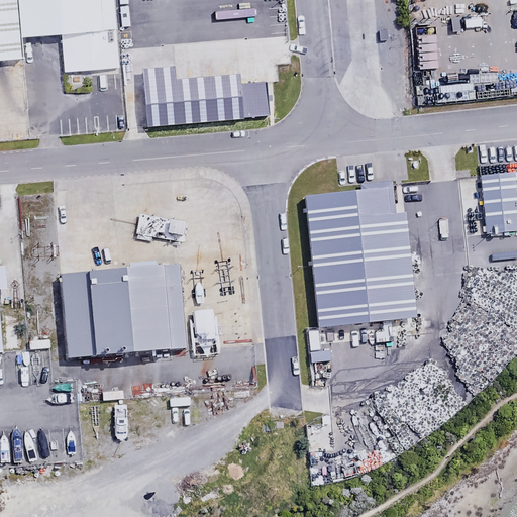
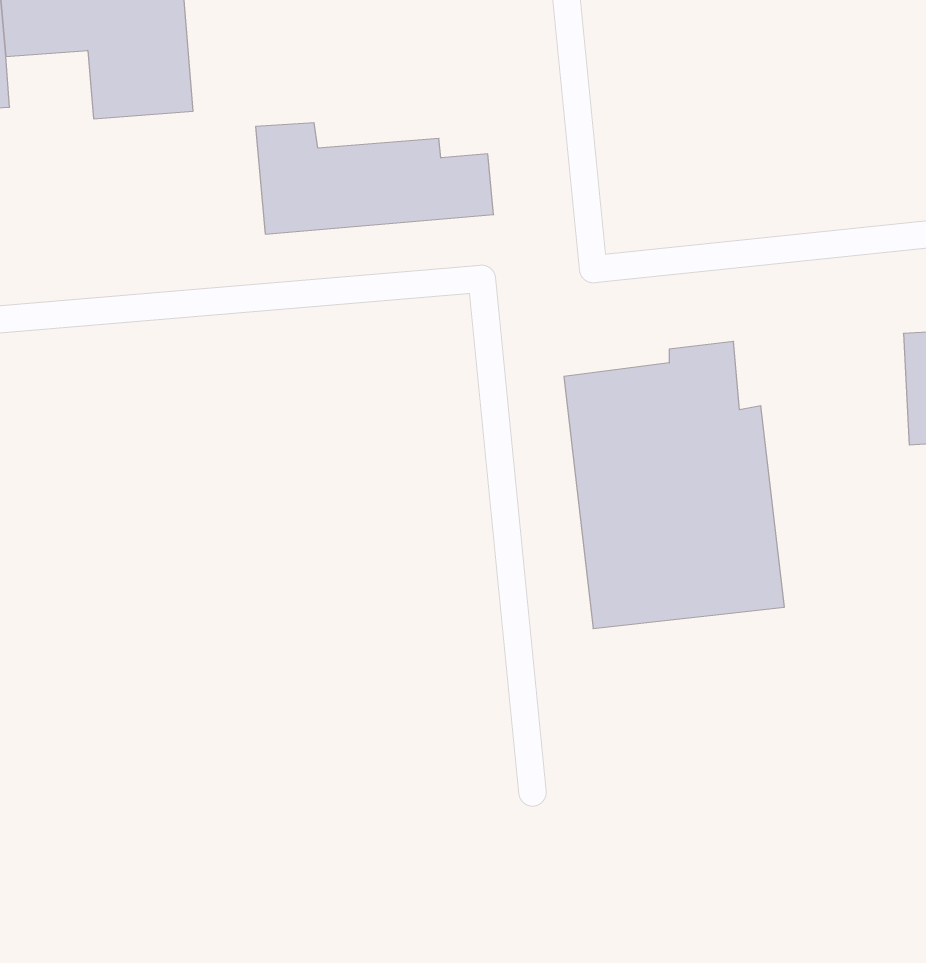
building: [58,262,181,354] -> none

